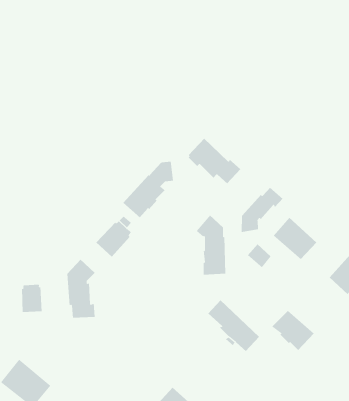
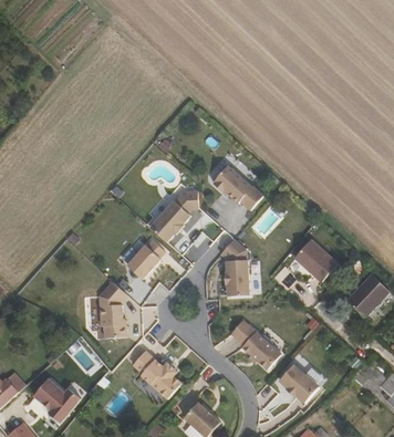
building: [241,187,284,233] -> none
building: [21,284,42,313] -> none
building: [271,310,314,351] -> [278,365,319,404]
building: none -> [132,350,180,398]

